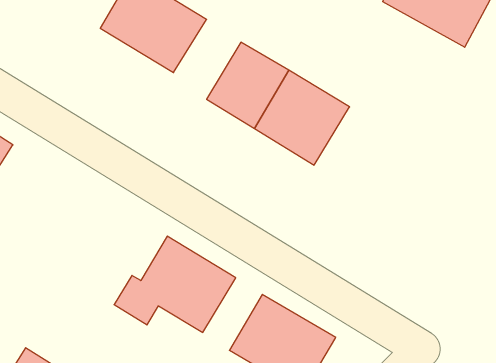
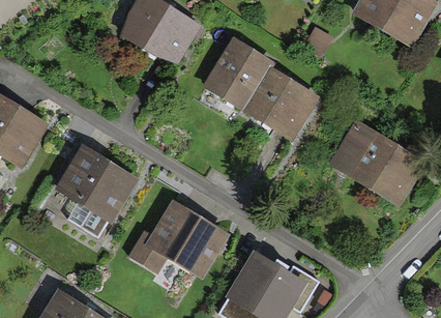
building: none -> [330,119,428,207]
building: none -> [54,147,138,225]

